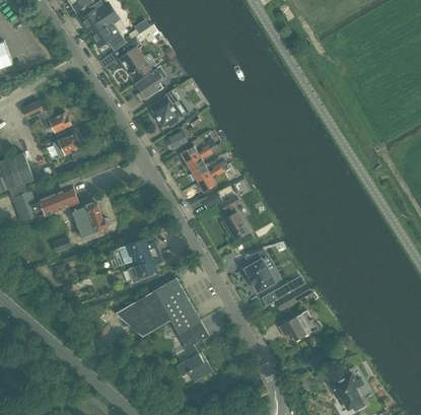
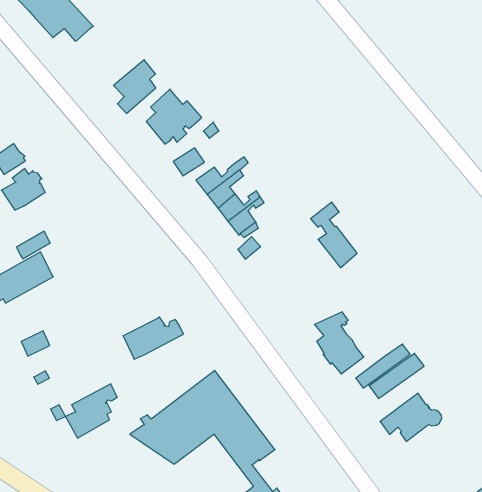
building: [110,32,150,74] -> none
building: [220,196,248,239] -> [311,202,357,268]
building: [70,202,109,237] -> none
building: [126,252,161,284] -> [65,384,117,438]

